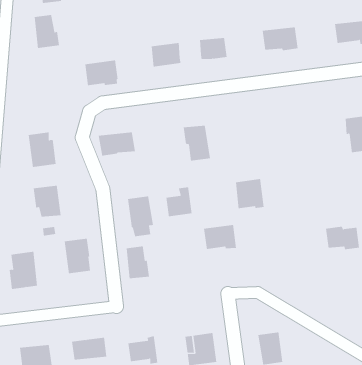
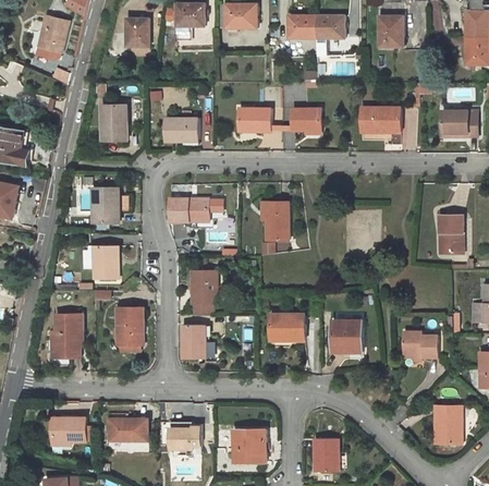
building: [34,14,60,48] -> [101,105,126,139]
building: [235,179,265,209] -> [331,319,360,351]
building: [166,186,192,217] -> none

